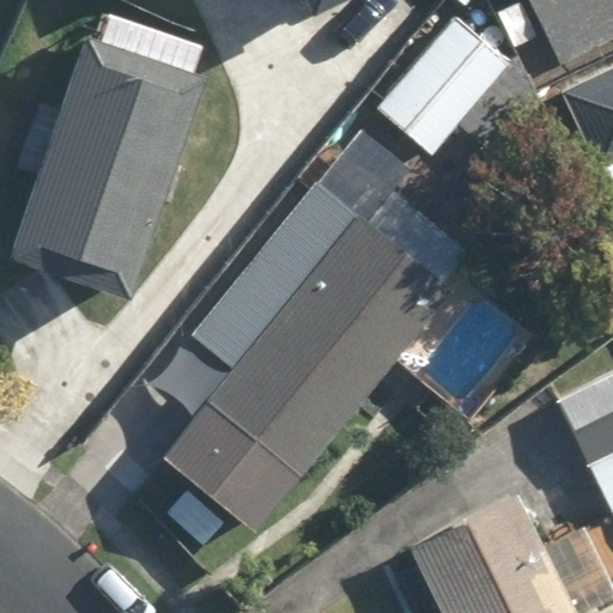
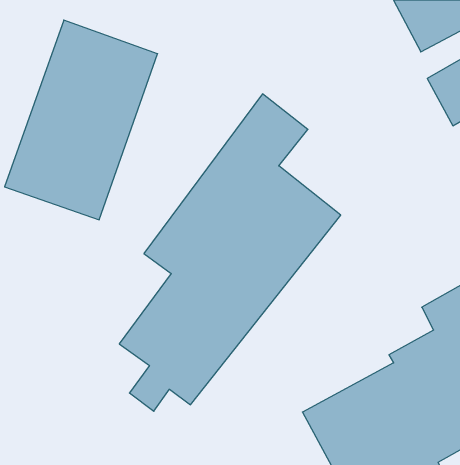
building: [369,8,521,162] -> none

